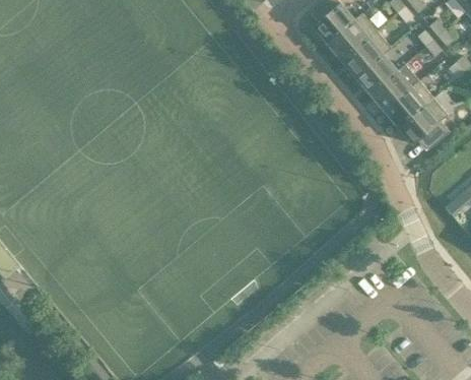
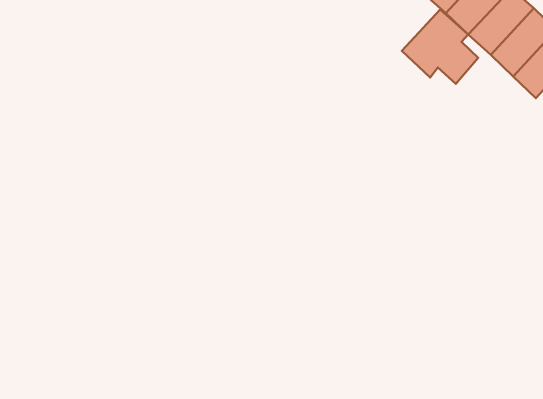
building: none -> [402,9,478,84]

